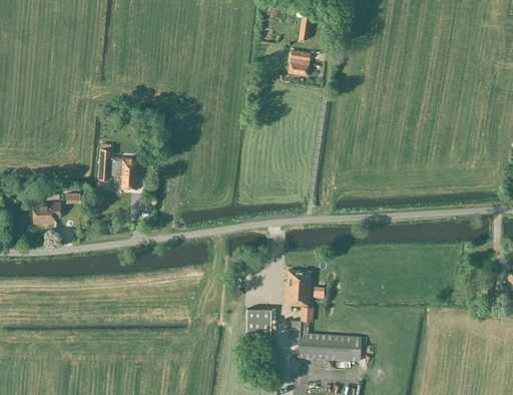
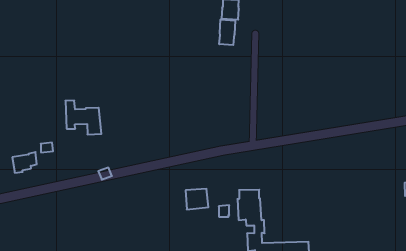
building: none -> [219,19,235,45]
building: [245,309,271,331] -> [186,189,208,209]

